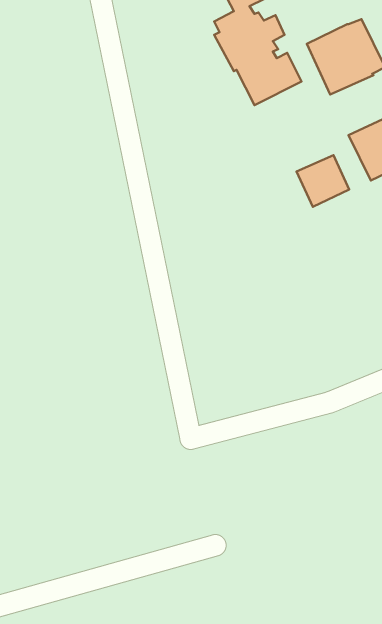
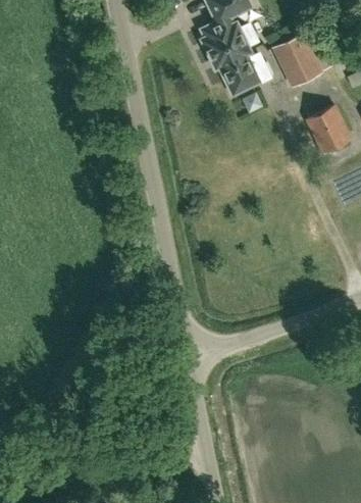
building: [296,155,349,207] -> none

